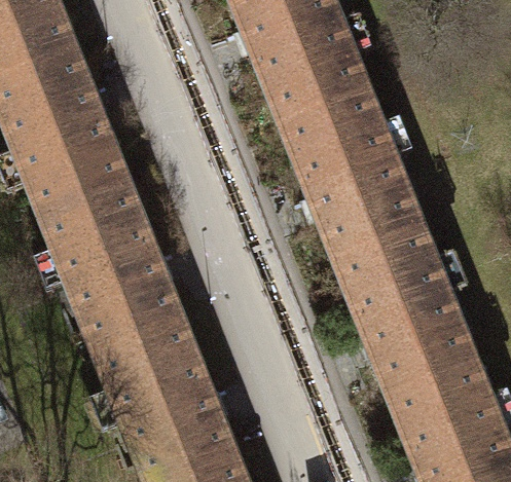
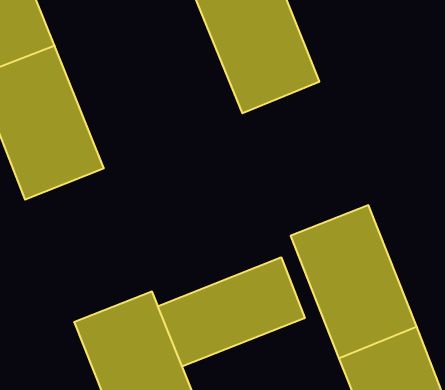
building: [284,94,424,264] -> none
building: [43,189,184,360] -> none
building: none -> [158,257,305,367]

